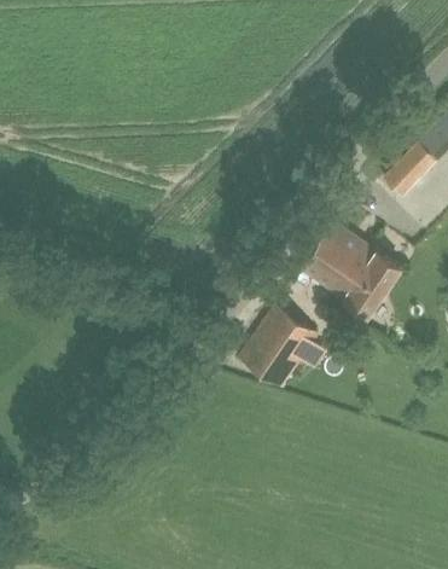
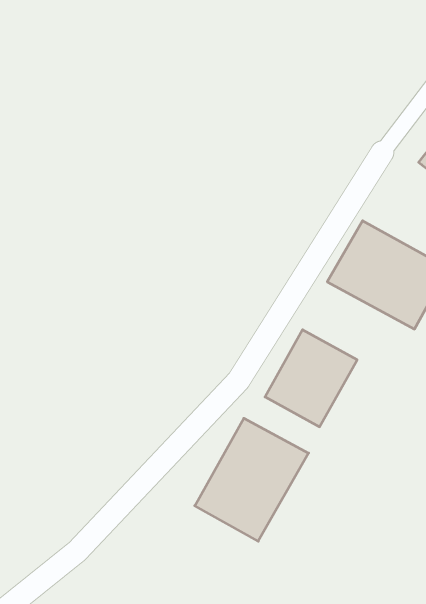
building: none -> [195,418,309,541]

